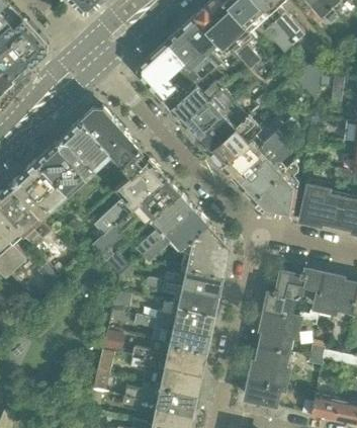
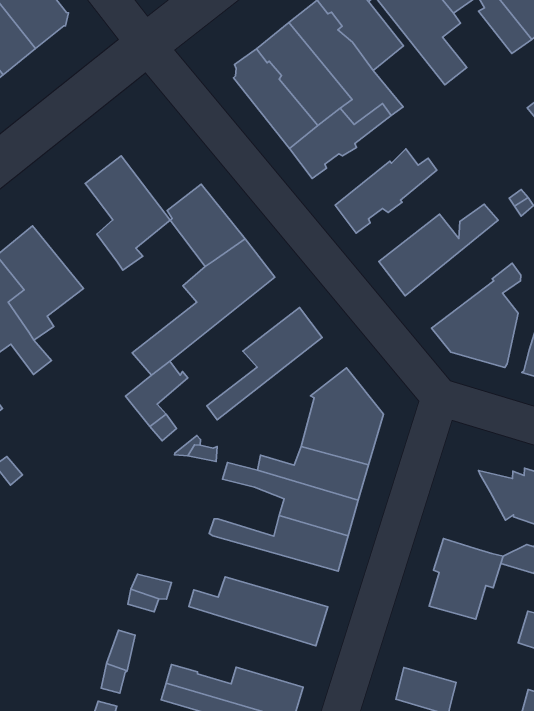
building: [182,88,227,138] -> none
building: [80,107,123,152] -> none
building: [207,115,261,166] -> none
building: [35,137,82,191] -> none
building: [236,140,291,199] -> none
building: [113,178,180,234] -> none
building: [141,208,207,263] -> none
building: [265,273,297,317] -> none
building: [132,316,210,351] -> none
building: [249,347,287,388] -> none
building: [130,356,201,395] -> none

